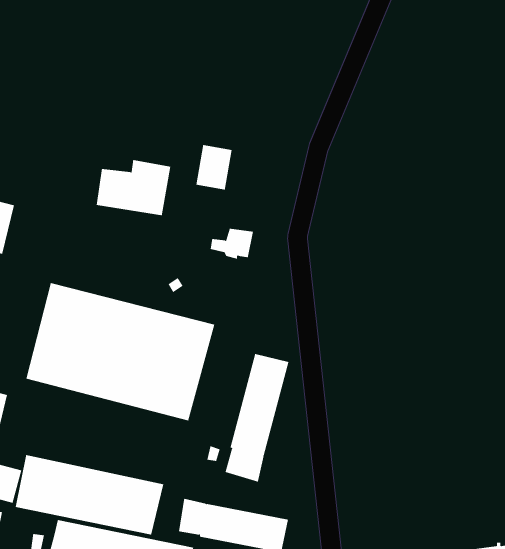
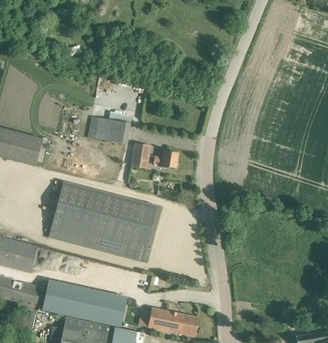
building: [196,145,232,190] -> [130,142,151,168]
building: [225,353,289,483] -> none

